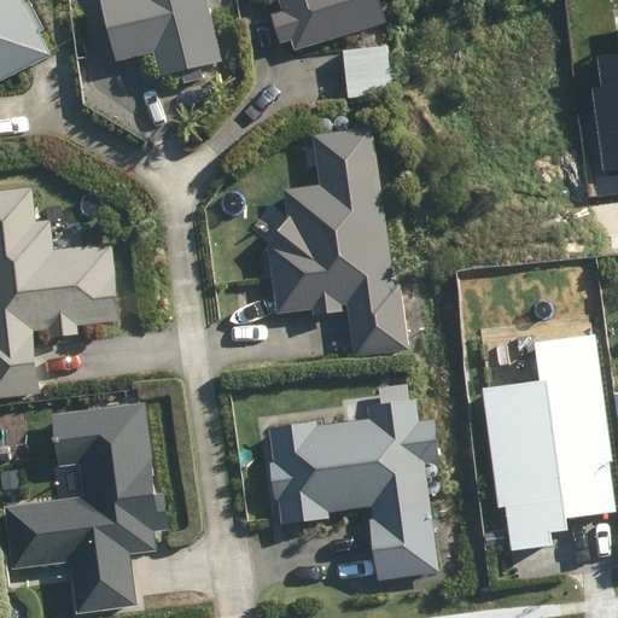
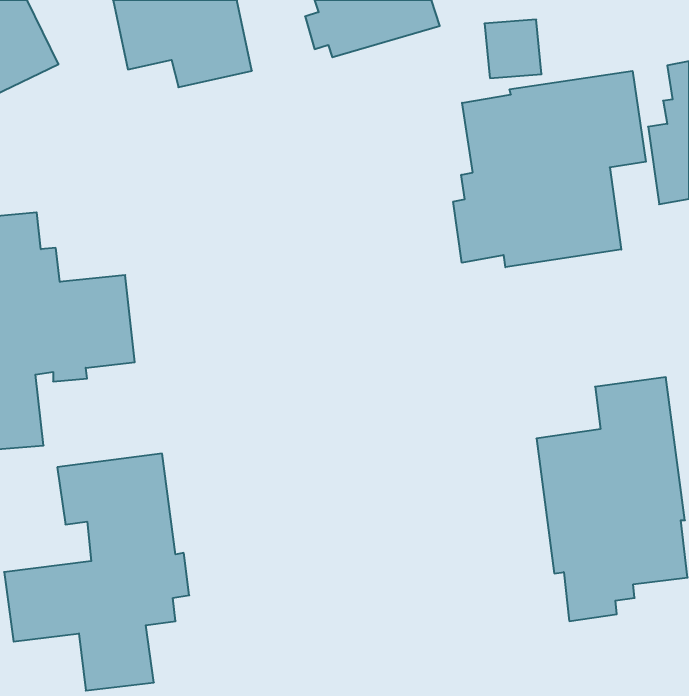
building: [343,46,393,98] -> [484,20,542,78]
building: none -> [453,71,646,267]
building: [266,127,408,354] -> none
building: [269,395,439,577] -> none

